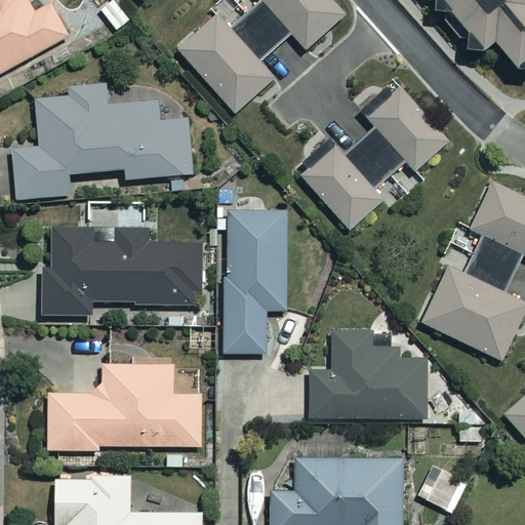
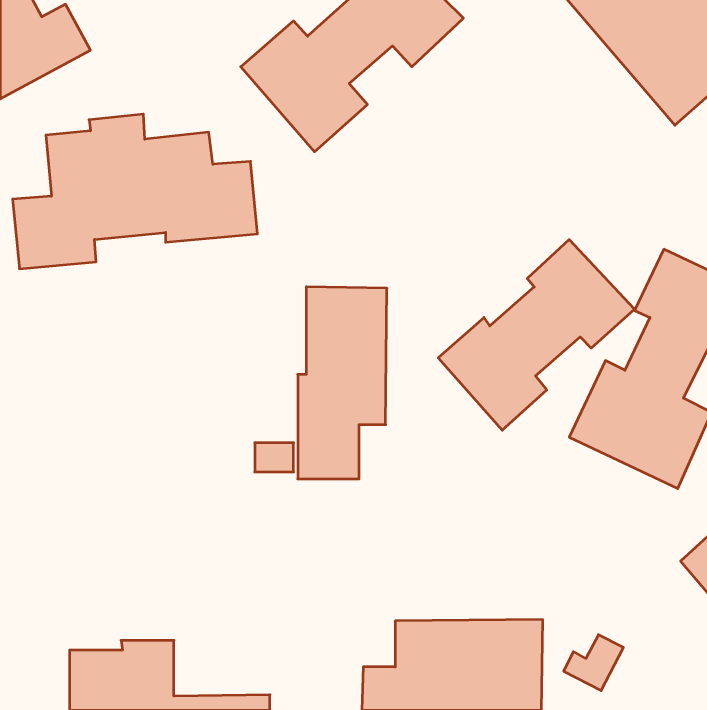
building: [302,88,447,229] -> [438,240,634,430]
building: [41,228,202,316] -> none
building: [309,330,426,416] -> none
building: [49,364,202,452] -> none

